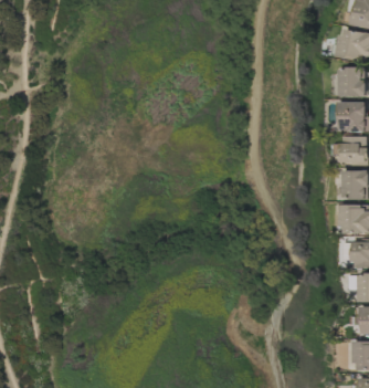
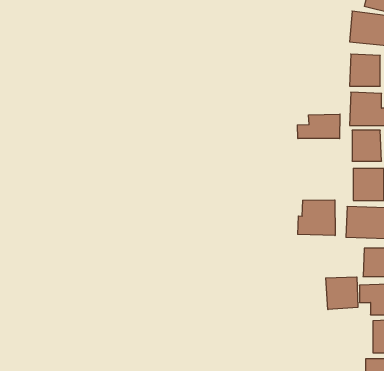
building: none -> [297,114,340,139]
building: none -> [298,200,335,236]
building: none -> [326,277,358,310]

